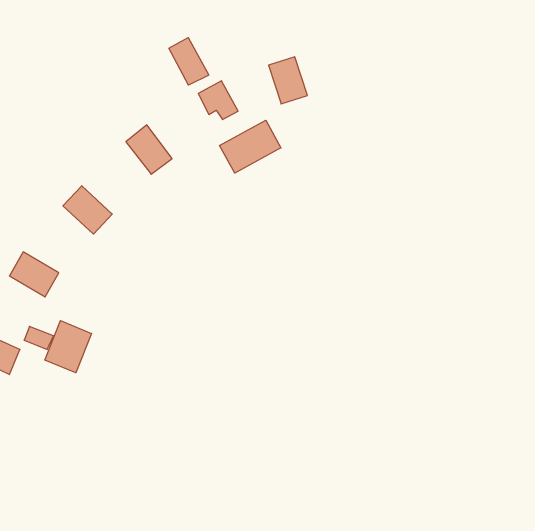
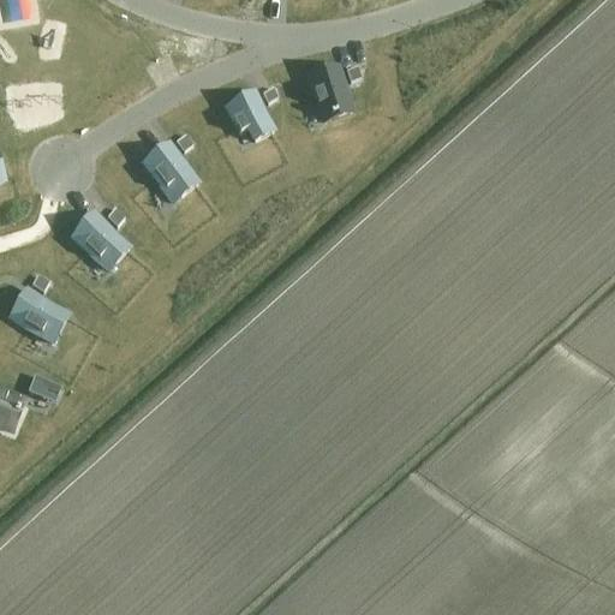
building: [169,38,209,85] -> none
building: [220,120,281,173] -> none
building: [45,321,91,373] -> none

